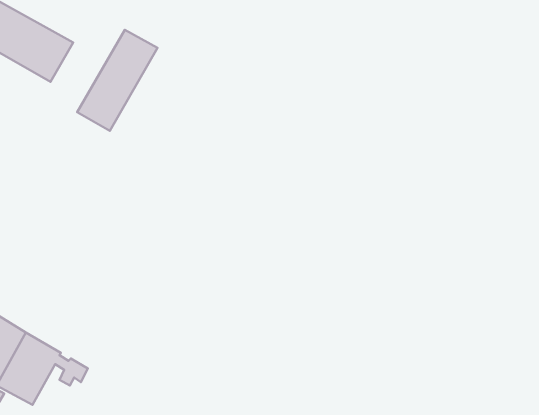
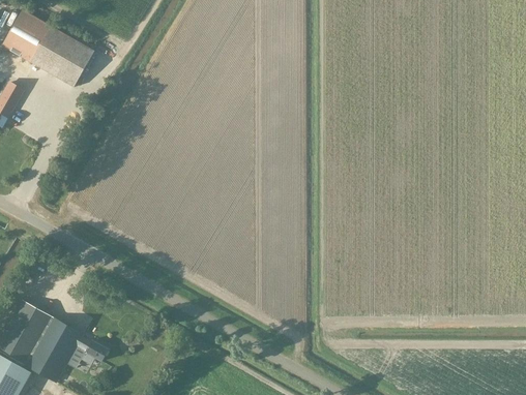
building: [77,30,157,131] -> none

